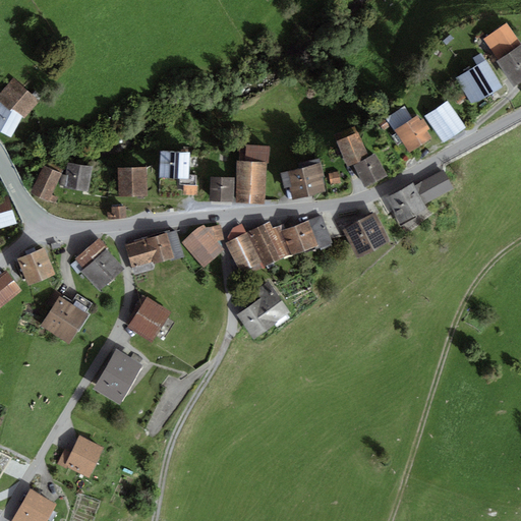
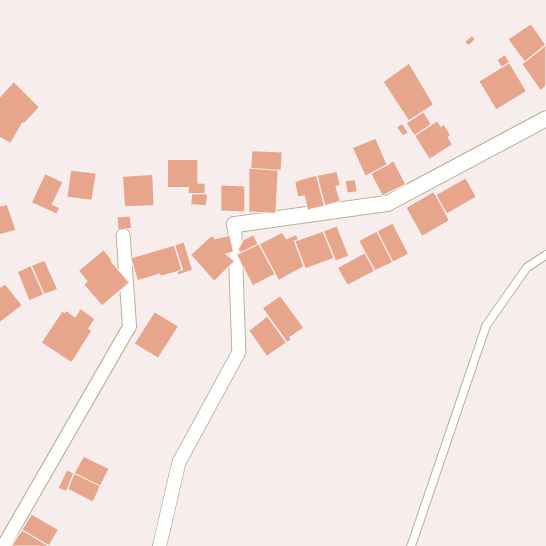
building: none -> [383,63,434,121]
building: [424,101,465,142] -> none
building: none -> [337,253,375,286]
building: [92,347,140,404] -> none

